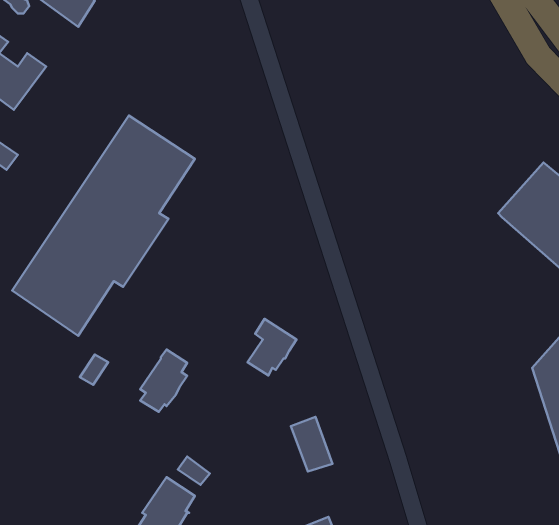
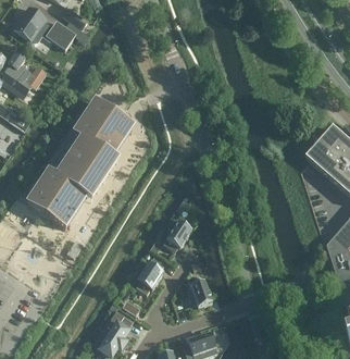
building: [140,350,187,412] -> [136,257,163,293]

